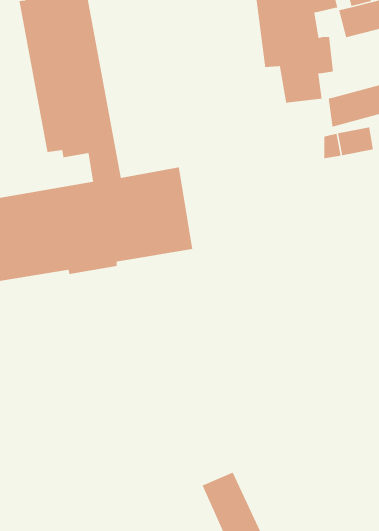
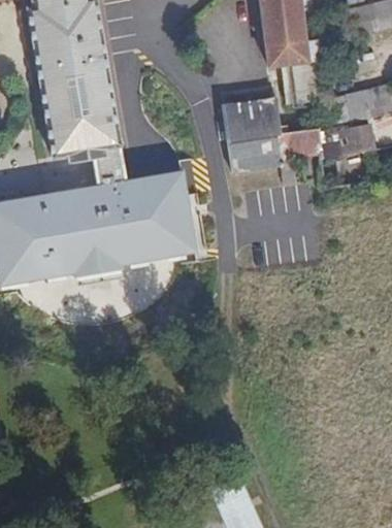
building: none -> [220,93,320,187]

